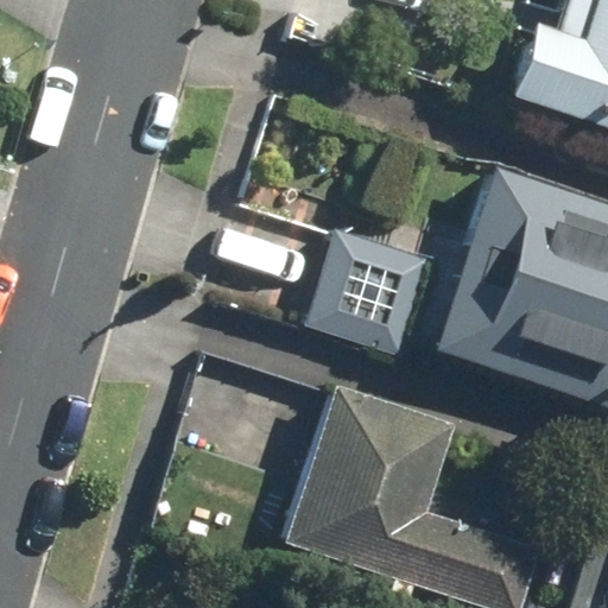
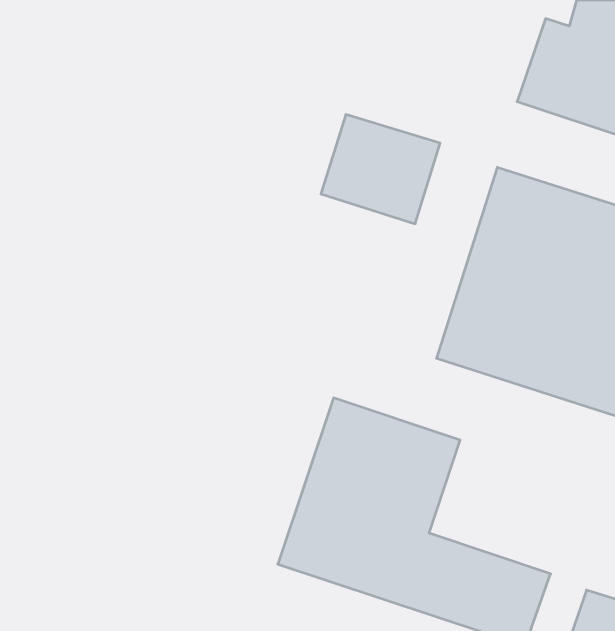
building: [299,243,413,348] -> [321,115,440,224]

